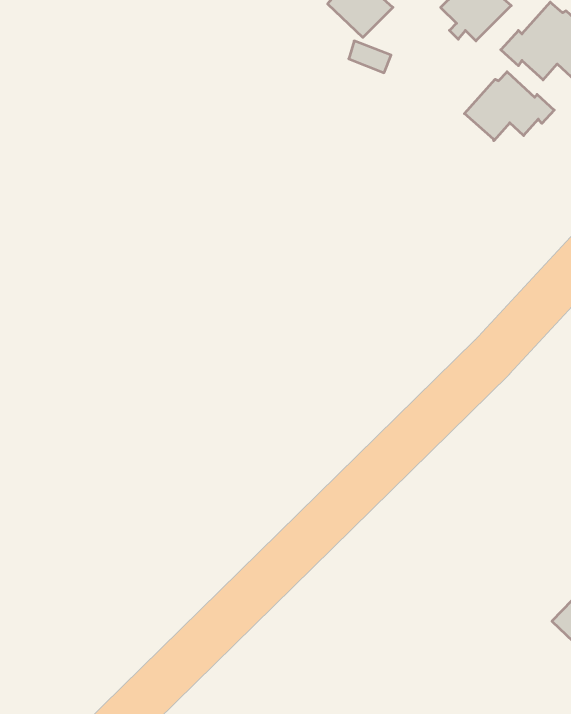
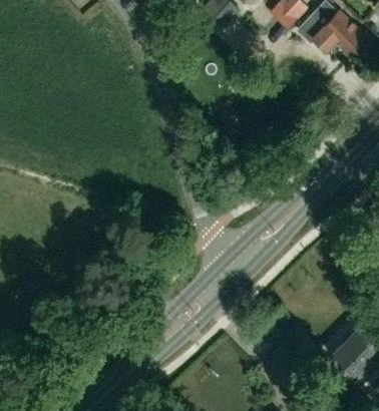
building: [464,72,554,141] -> none

